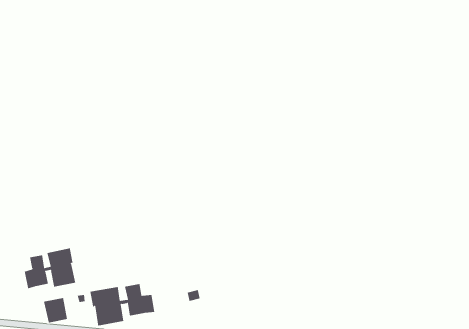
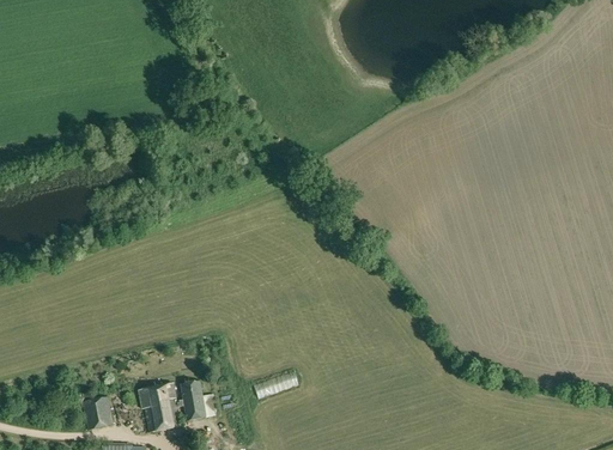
building: [24,248,76,289] -> none

